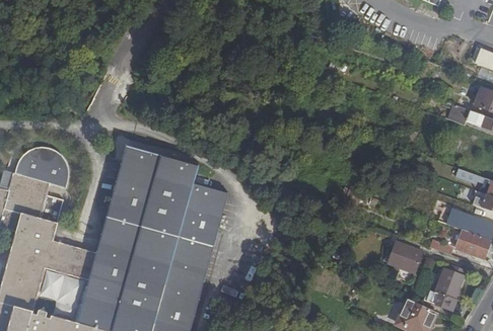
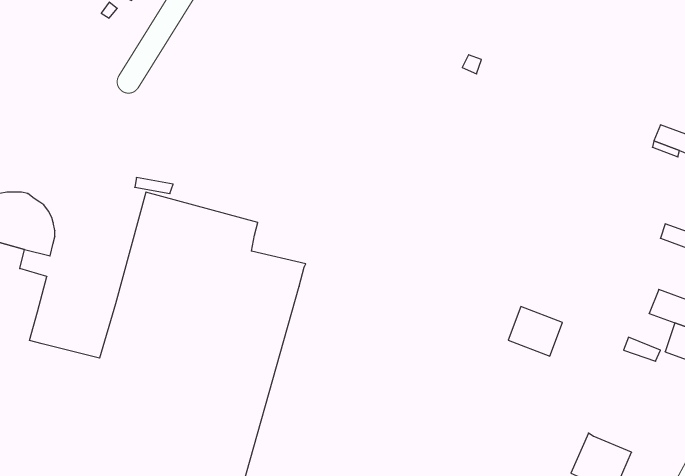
building: [386,242,421,273] -> [508,307,562,356]
building: [426,268,463,311] -> none

